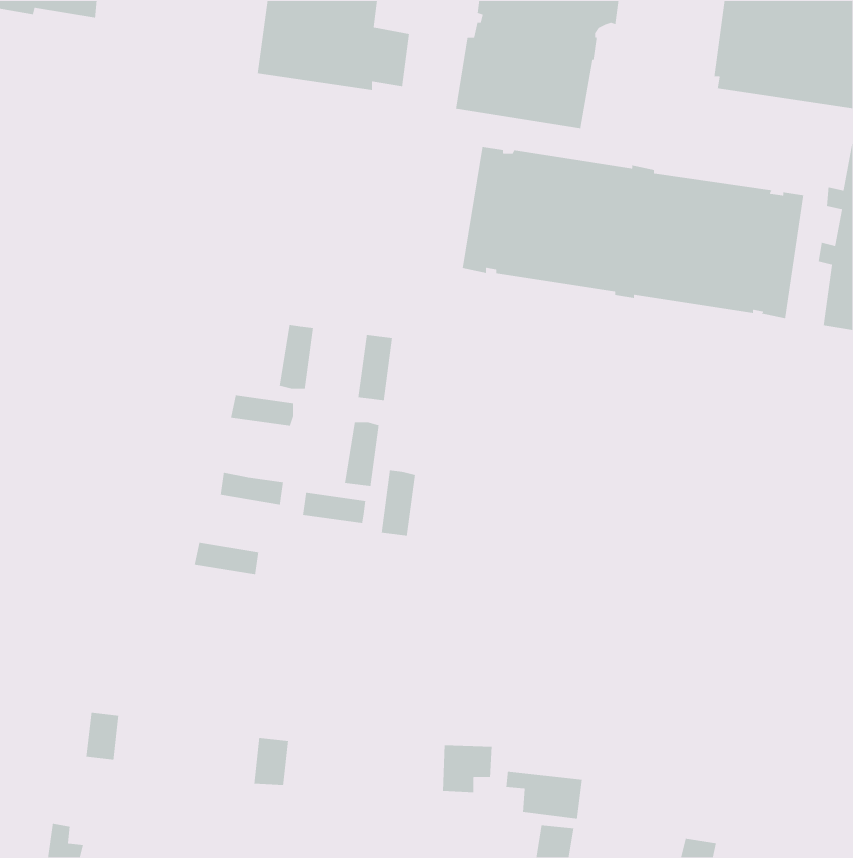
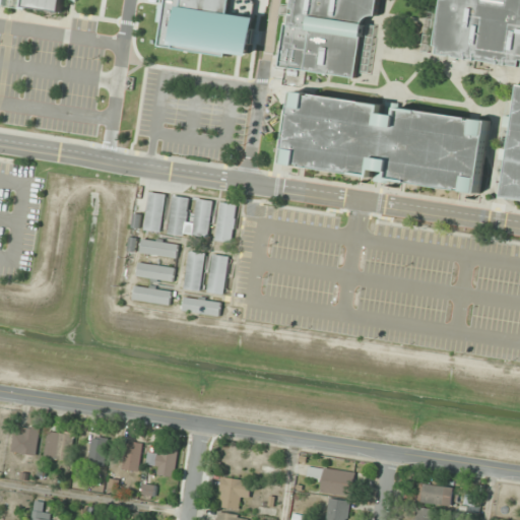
building: none -> [145,192,167,233]
building: none -> [193,198,214,238]
building: [381,469,416,537] -> [185,254,206,295]
building: [194,542,259,575] -> [136,262,176,282]
building: none -> [9,426,38,455]
building: none -> [85,436,107,466]
building: none -> [120,442,141,472]
building: [442,744,493,793] -> [217,478,248,508]
building: none -> [420,485,455,504]

